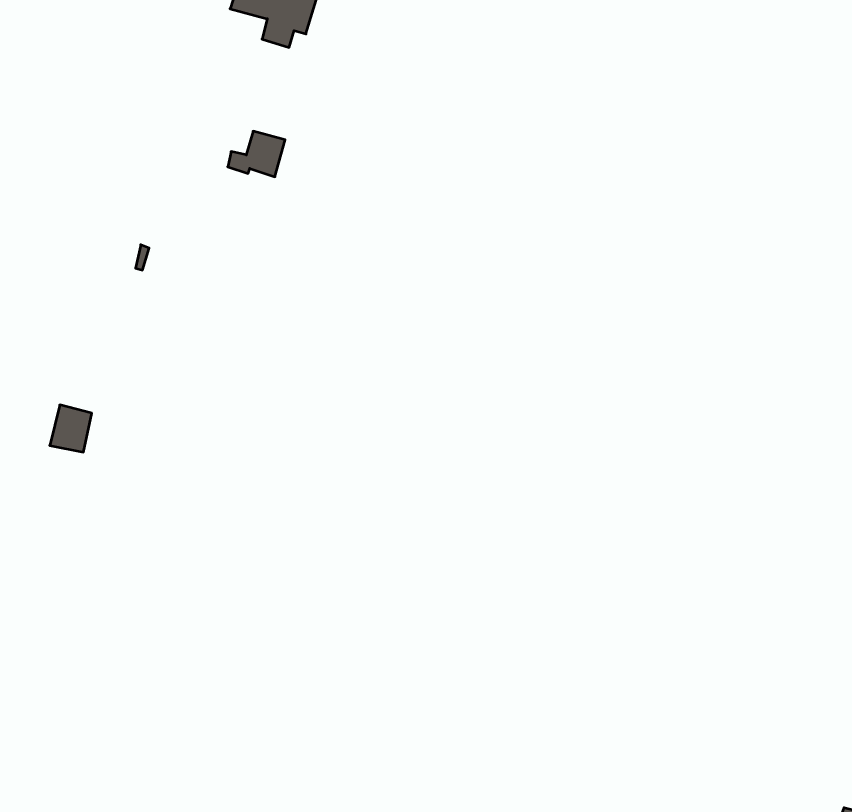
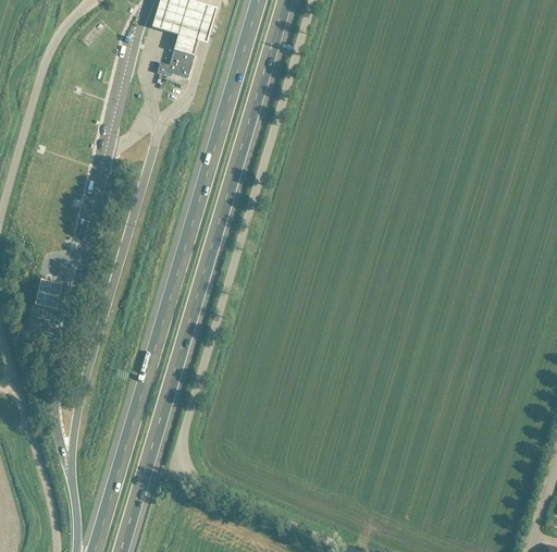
building: [228,131,285,177] -> [160,45,197,74]

